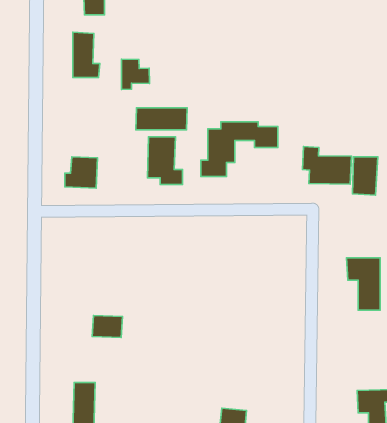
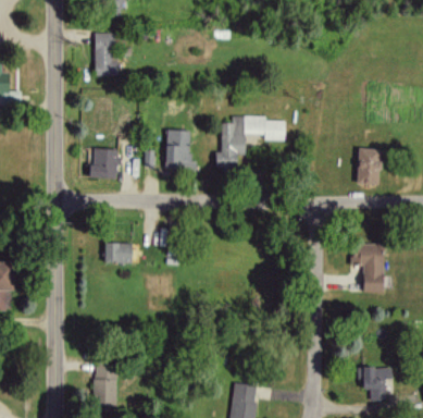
building: [122,59,149,89] -> none
building: [136,108,187,130] -> none
building: [302,147,352,184] -> none
building: [92,316,122,338] -> [104,243,133,263]

